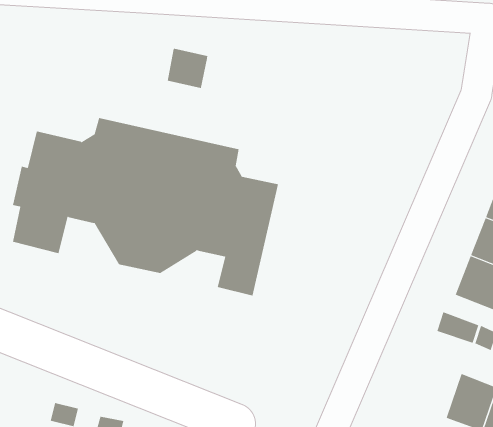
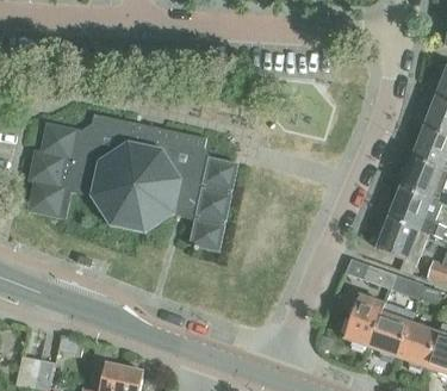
building: [167,48,208,89] -> none
building: none -> [342,294,384,346]

